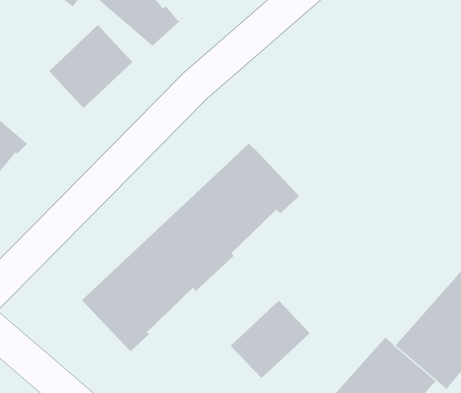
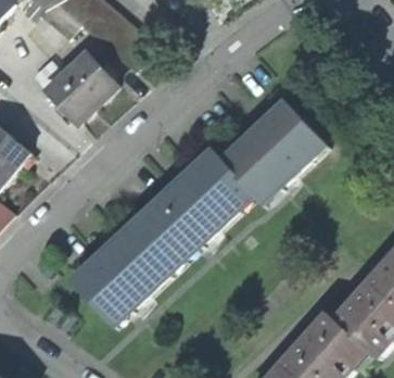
building: none -> [223,104,326,205]
building: [230,300,310,379] -> none

